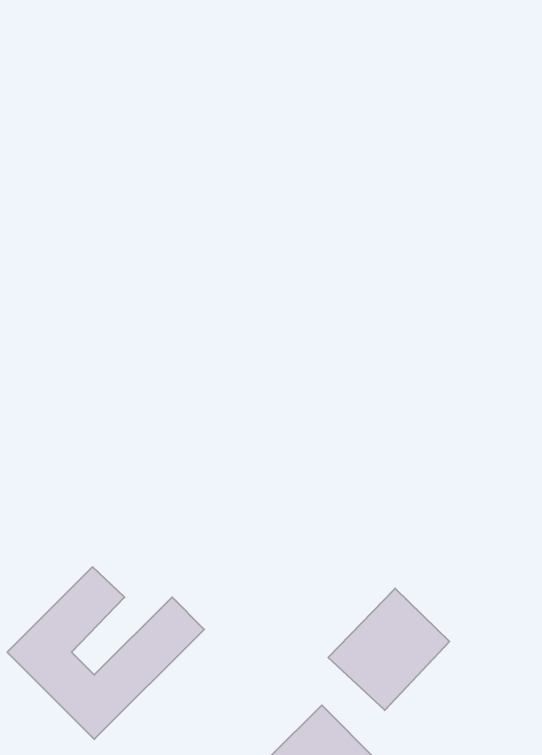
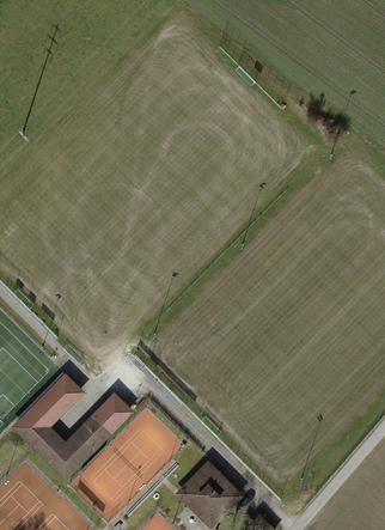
building: [328,588,449,710] -> none

